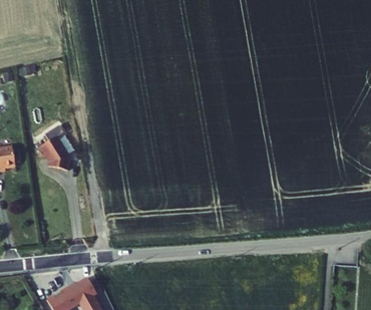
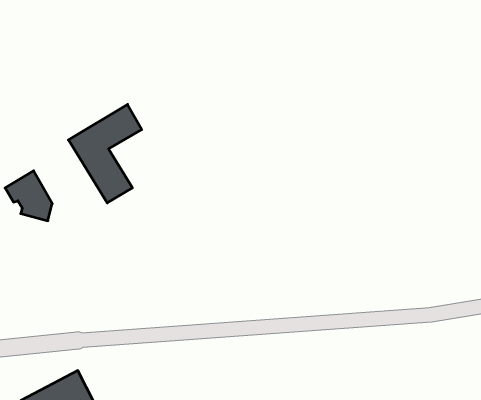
building: none -> [68,104,142,203]

